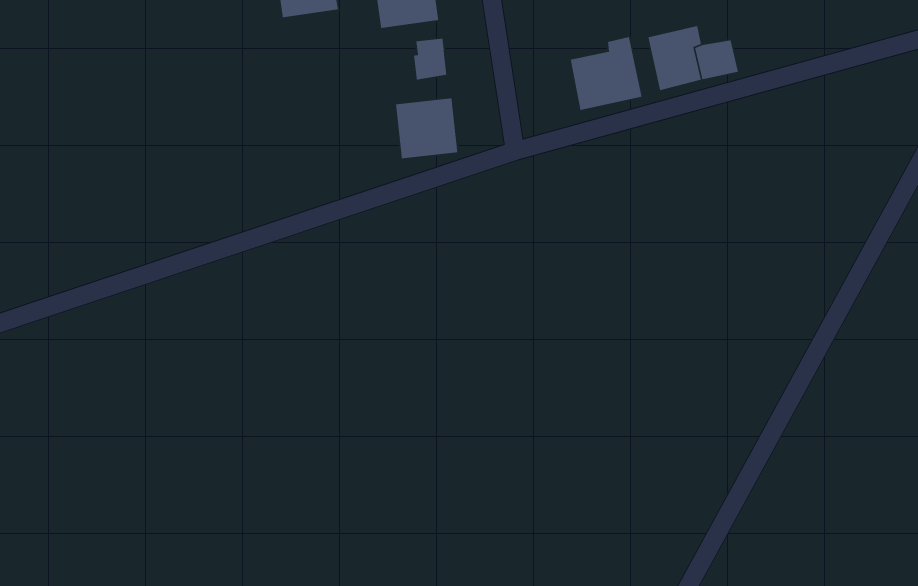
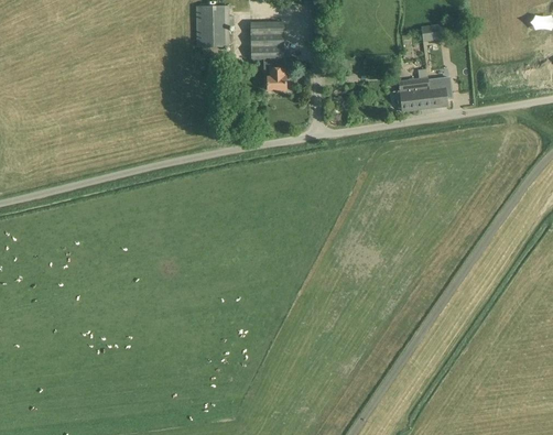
building: [570,36,643,111] -> none
building: [395,98,458,159] -> none

